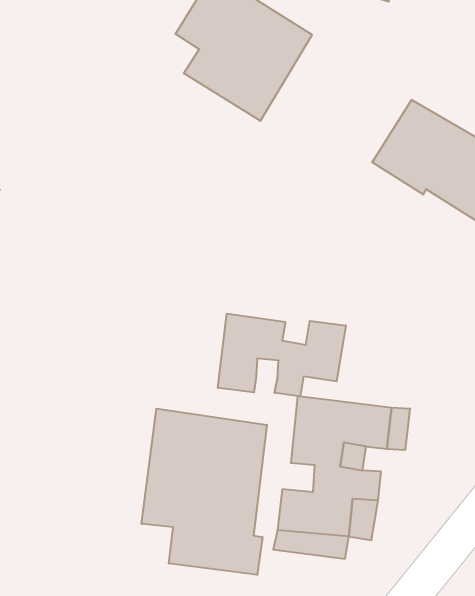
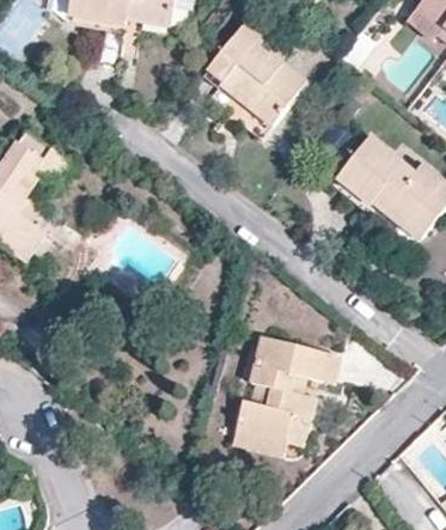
building: [218,314,346,397] -> none
building: [141,409,267,575] -> none

